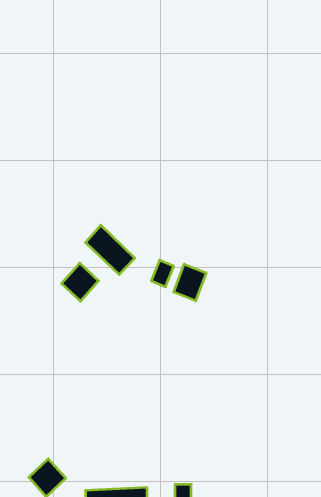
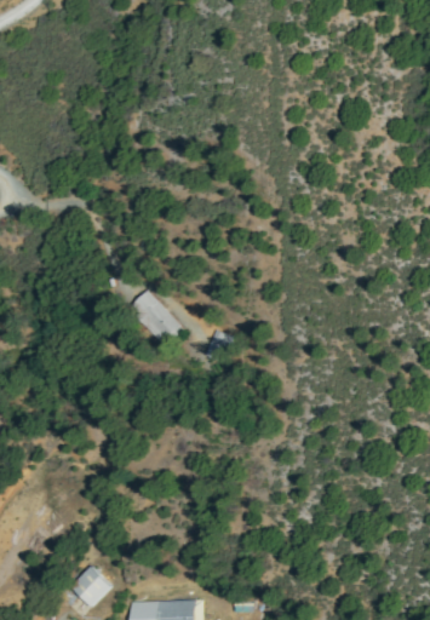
building: [62,263,99,301] -> none
building: [174,264,206,301] -> none

